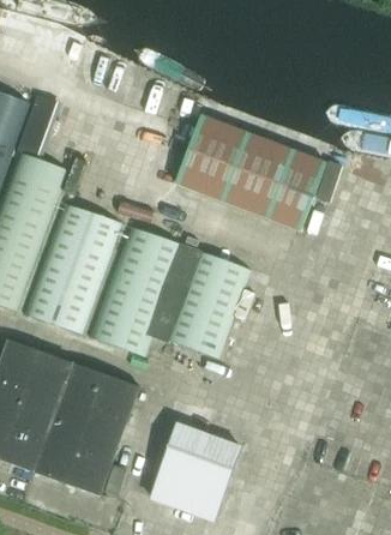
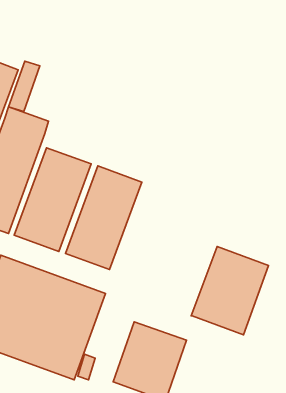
building: [175,114,329,233] -> none
building: [154,246,251,357] -> [191,246,268,335]

